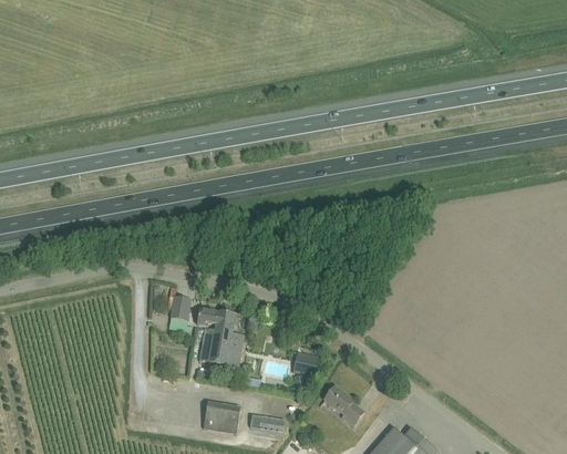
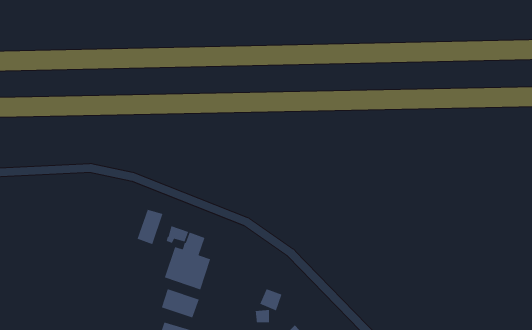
building: none -> [161,288,200,318]

